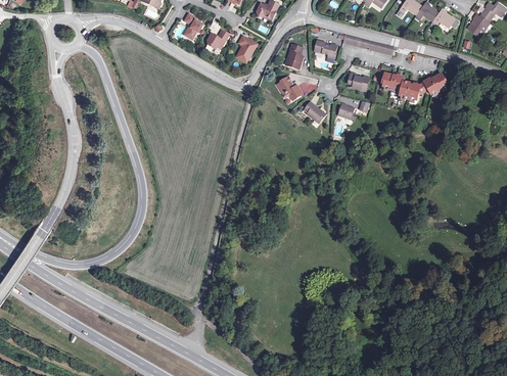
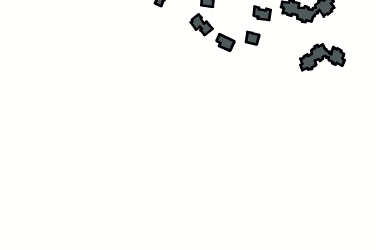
building: none -> [300,44,345,70]

